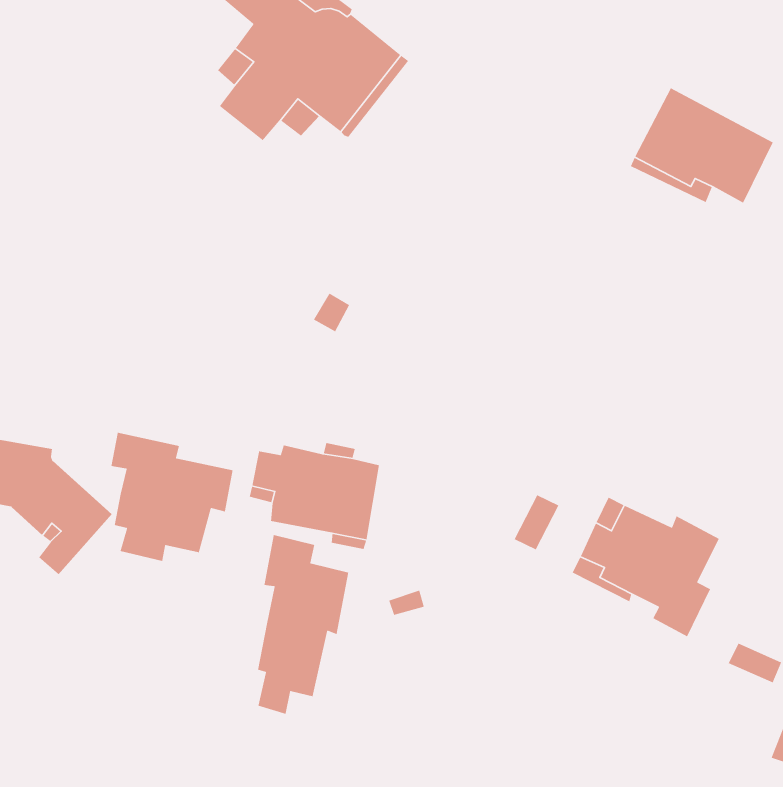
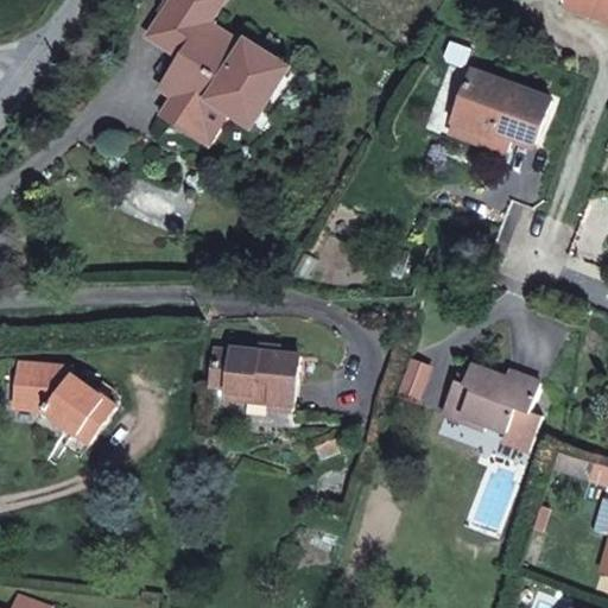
building: [111,432,233,562] -> none
building: [257,534,349,715] -> none

